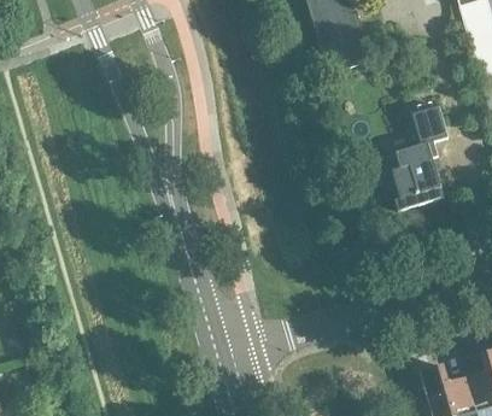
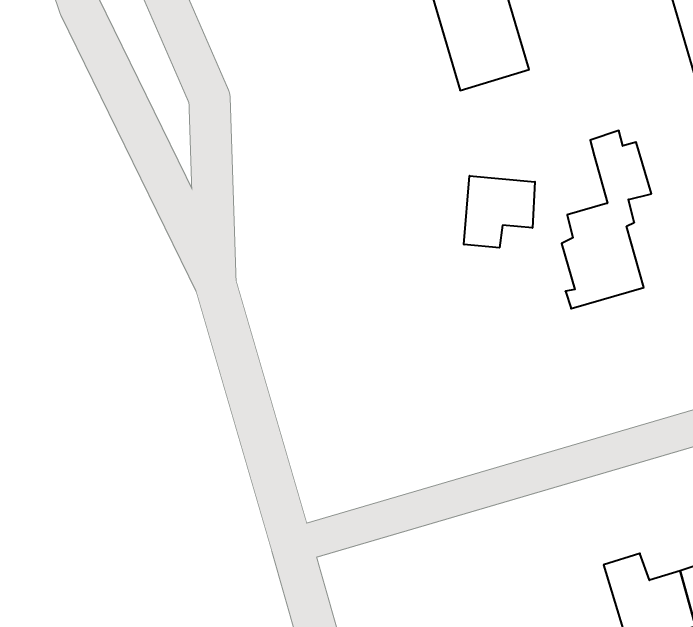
building: none -> [464,176,535,248]

